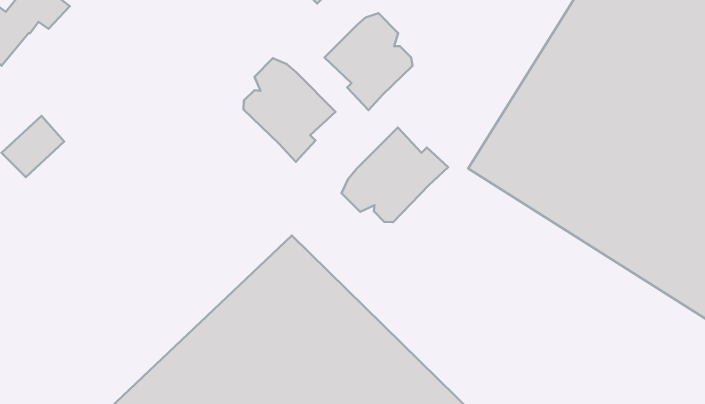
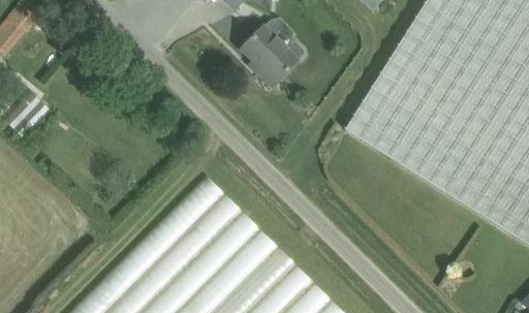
building: [244,58,336,162] -> none
building: [342,128,448,222] -> none

